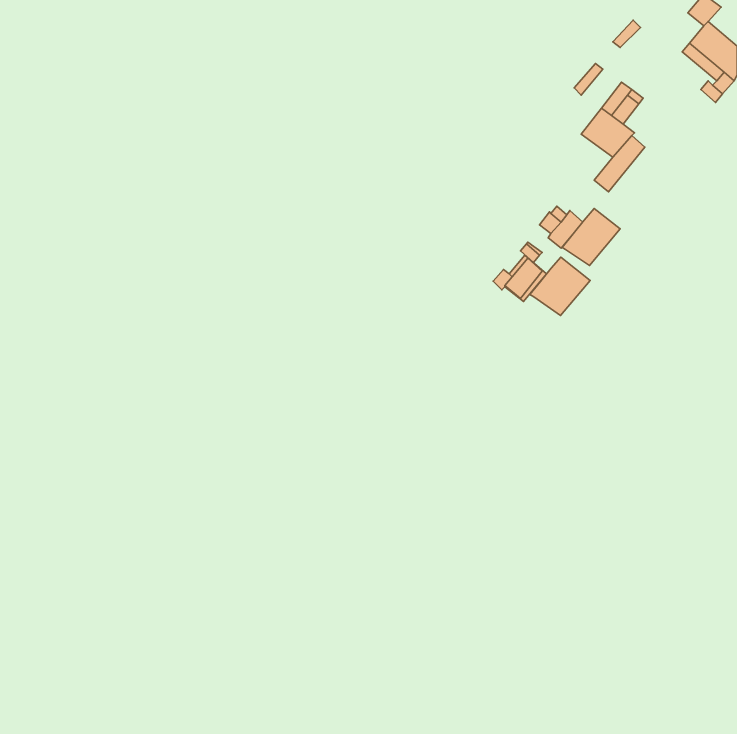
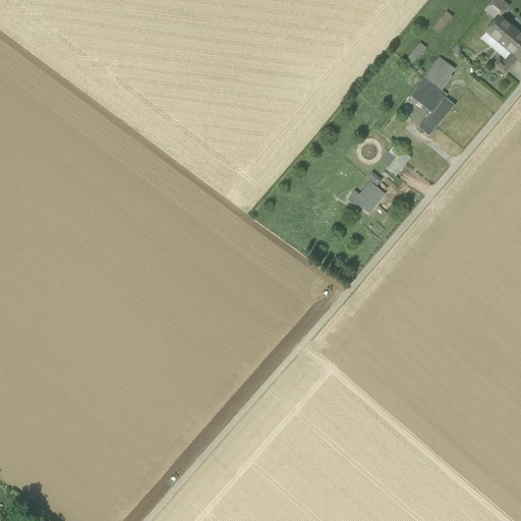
building: [562,209,620,266] -> none
building: [530,257,590,316] -> none

